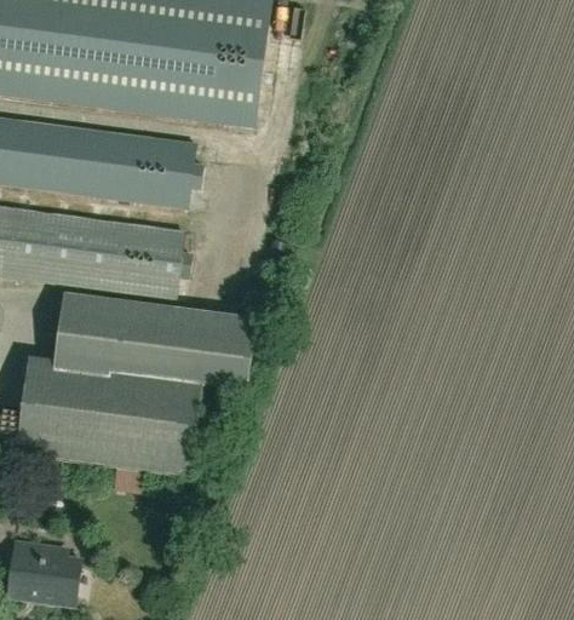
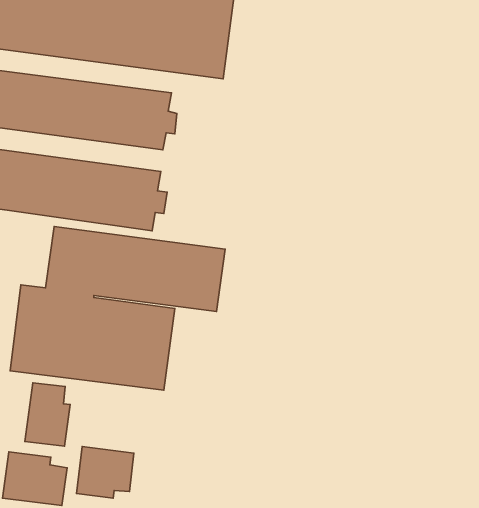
building: none -> [25,383,70,446]
building: none -> [76,447,134,498]

